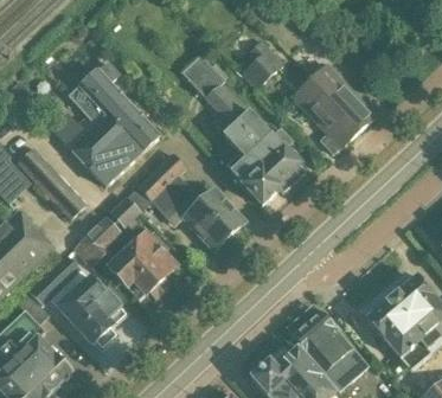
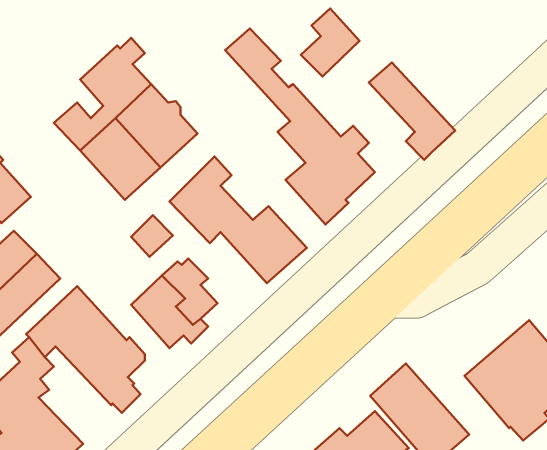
building: [309,63,374,131] -> none
building: [18,146,87,217] -> none
building: [73,217,120,267] -> none

